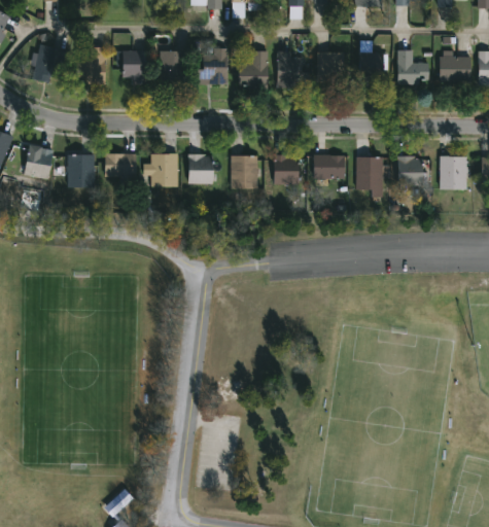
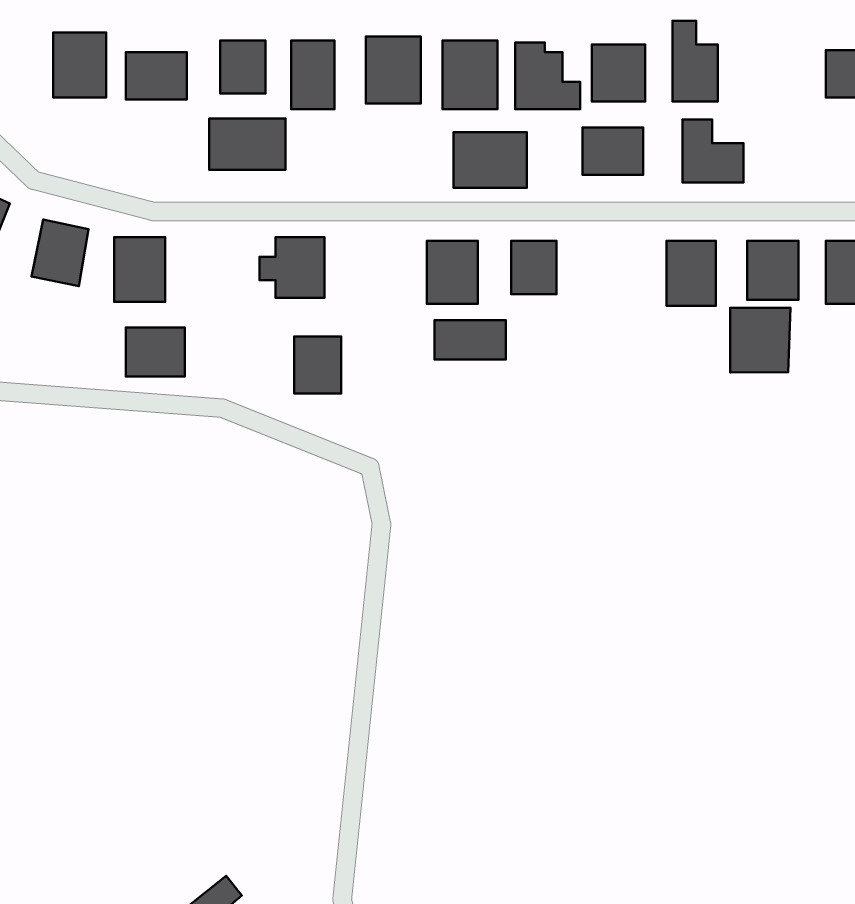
building: [397,49,429,82] -> [683,119,743,182]
building: none -> [209,119,285,170]
building: none -> [453,132,527,188]
building: [105,153,136,179] -> [126,327,185,377]
building: [188,153,213,183] -> [294,337,341,394]
building: [313,154,345,179] -> [582,128,643,175]
building: none -> [730,308,791,373]
building: none -> [435,320,506,360]

